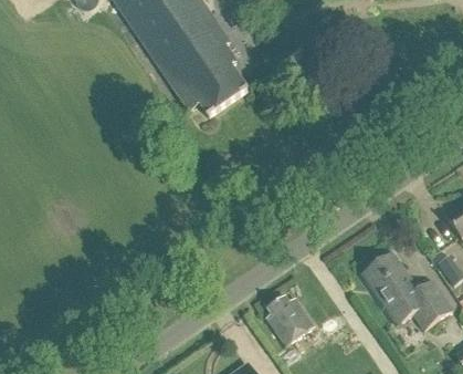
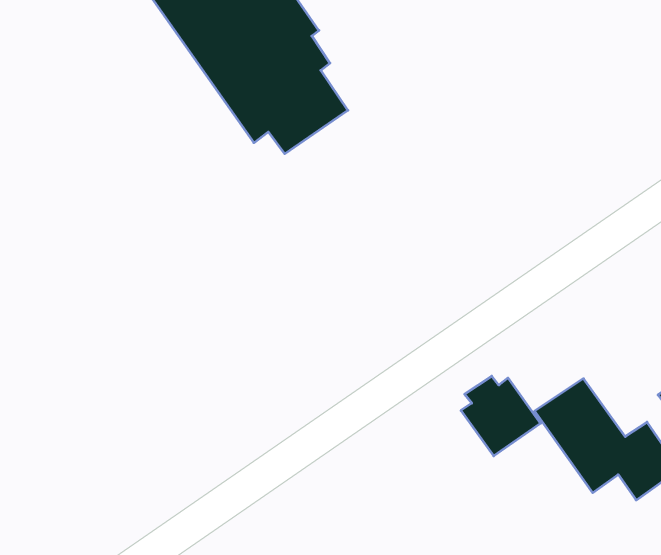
building: [264,295,313,344] -> [461,376,541,456]

